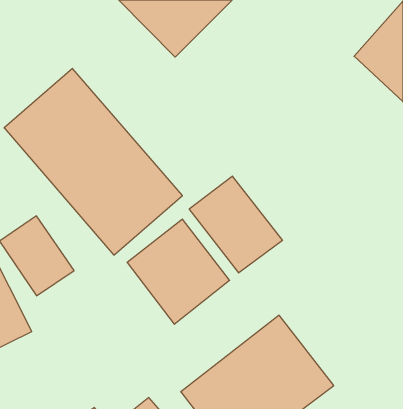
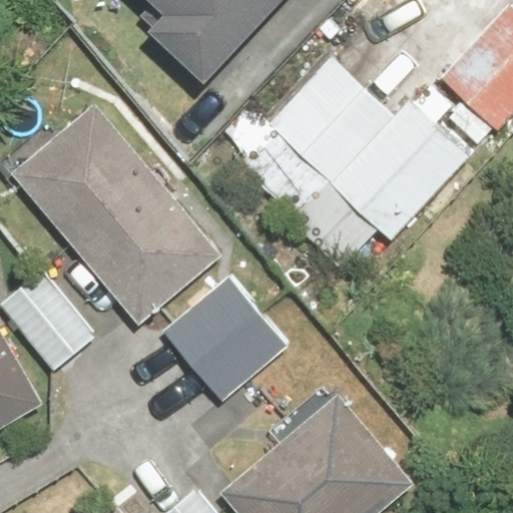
building: none -> [266,57,473,246]
building: [189,176,282,273] -> none

